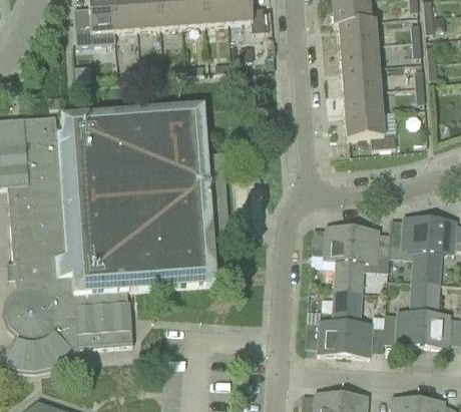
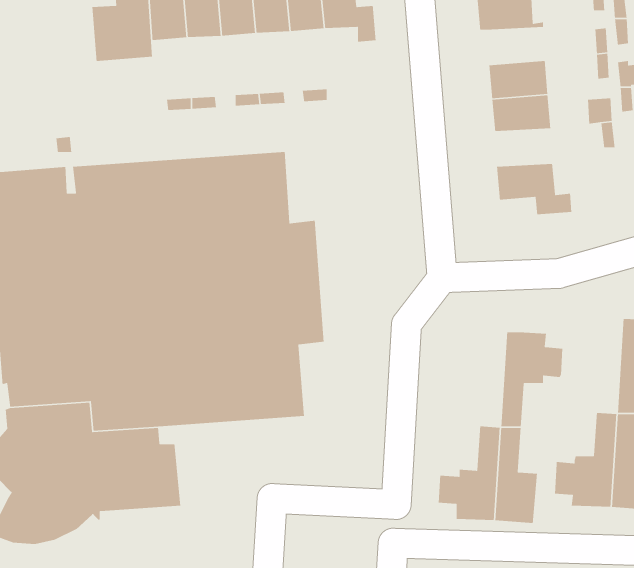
building: [338,22,378,47] -> none
building: [344,90,383,115] -> none
building: [389,216,430,282] -> none
building: [312,225,352,291] -> none

